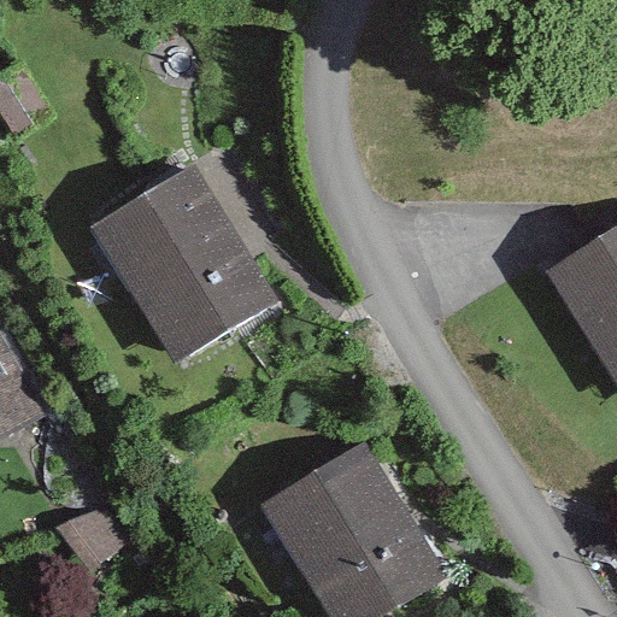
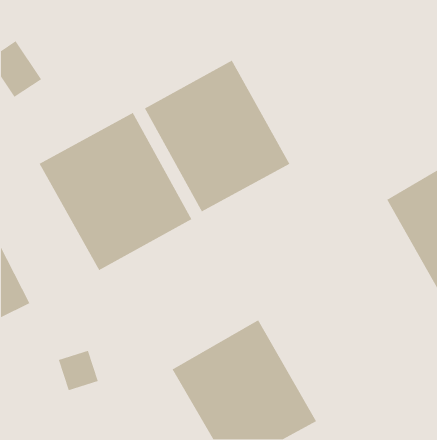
building: none -> [144,59,291,212]

